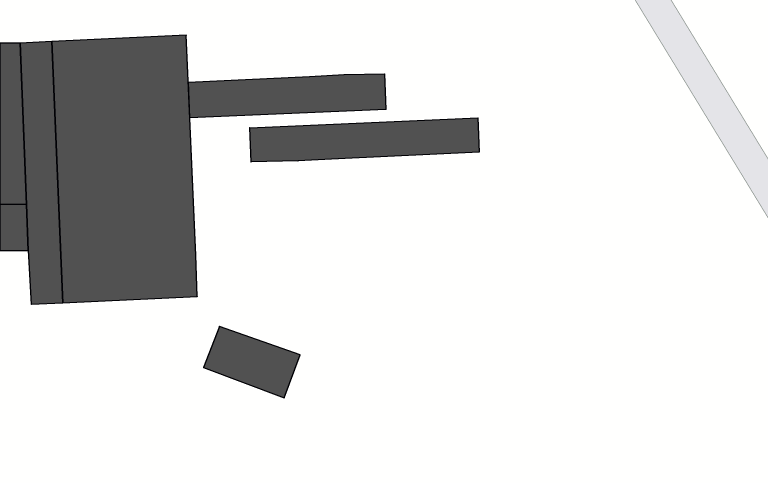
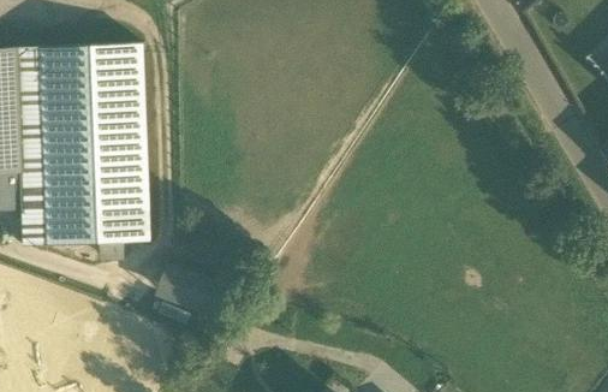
building: [188,74,386,118] -> none
building: [250,118,479,162] -> none

